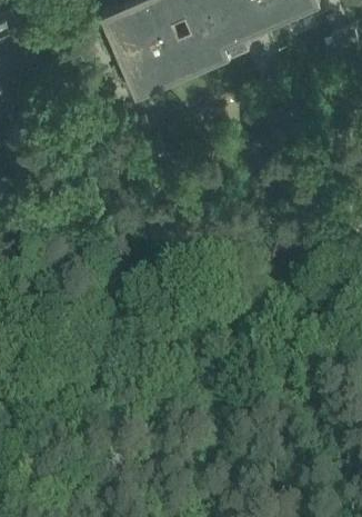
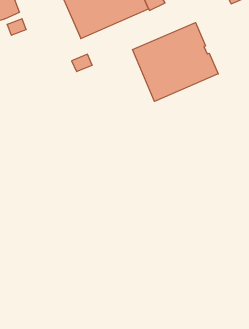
building: none -> [133,23,218,101]

